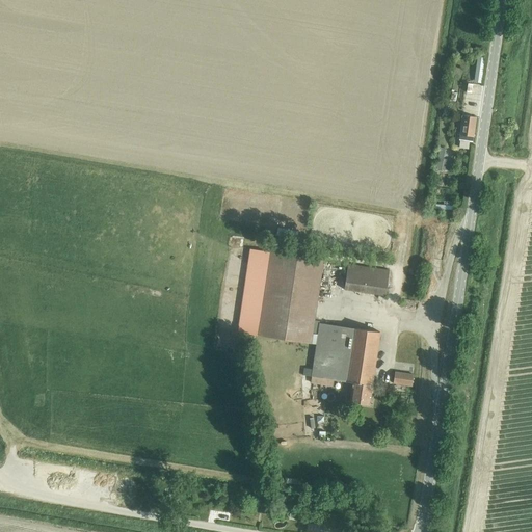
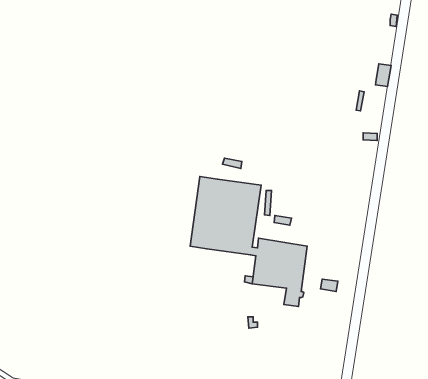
building: [344,265,389,295] -> none

